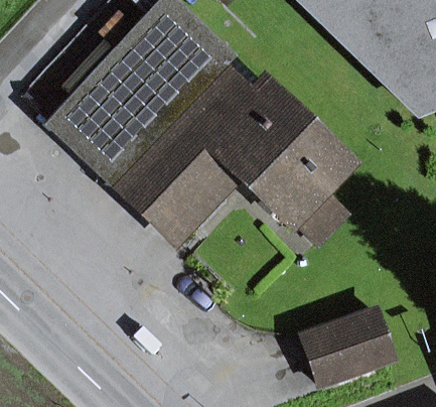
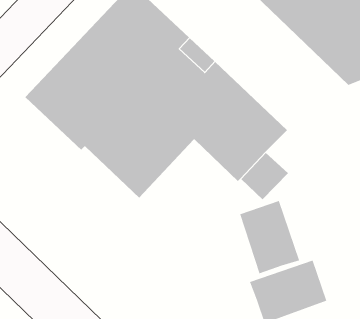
building: none -> [240,200,300,274]

